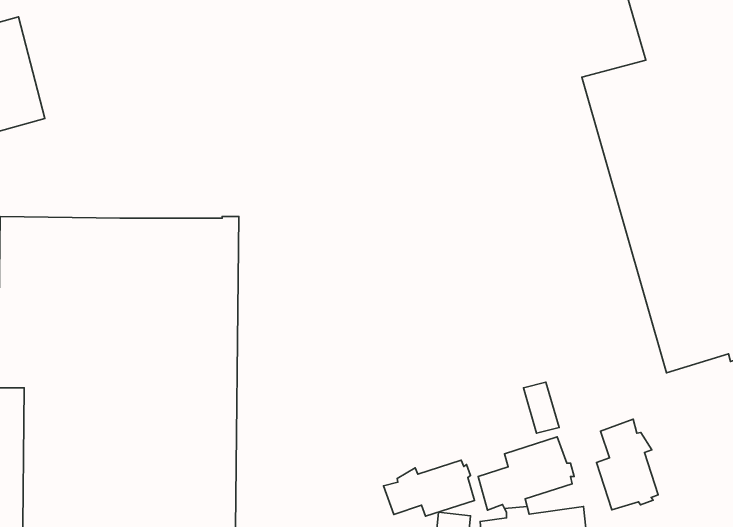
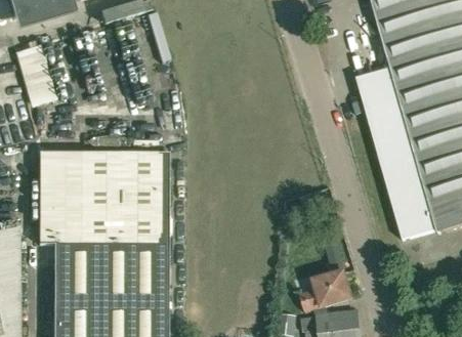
building: [597,419,658,510] -> none
building: [383,460,474,516] -> none

